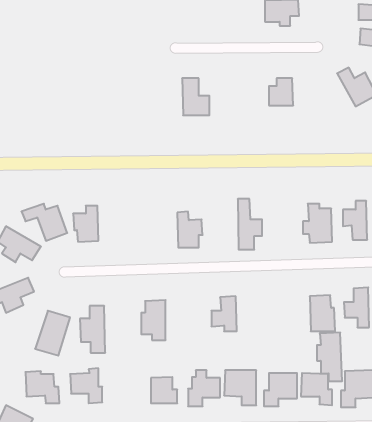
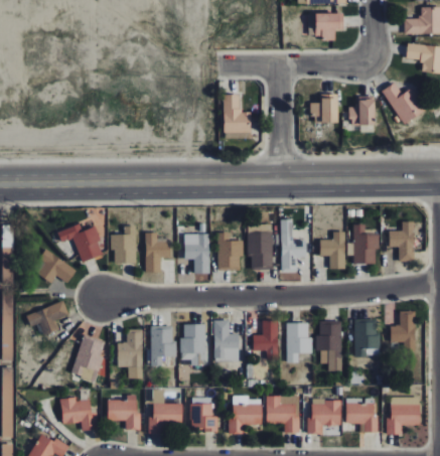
building: none -> [349,97,374,126]
building: none -> [248,224,273,270]
building: none -> [319,232,344,270]
building: none -> [144,234,171,272]
building: none -> [184,234,209,274]
building: none -> [213,320,239,361]
building: none -> [286,323,312,362]
building: none -> [150,326,174,366]
building: [317,333,342,381] -> [316,321,342,371]
building: none -> [149,390,182,434]

